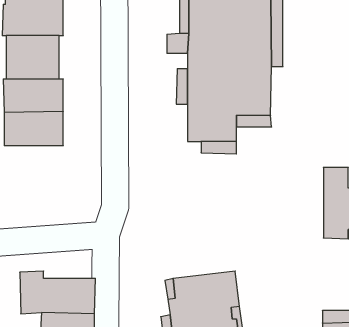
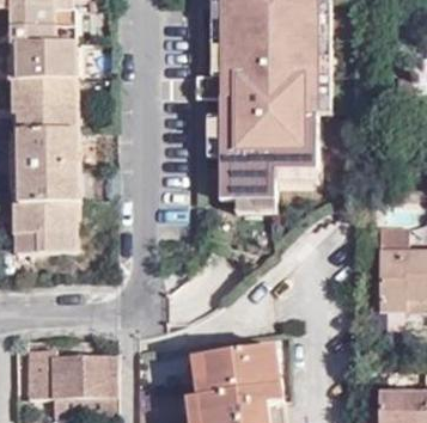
building: none -> [12,203,75,250]

